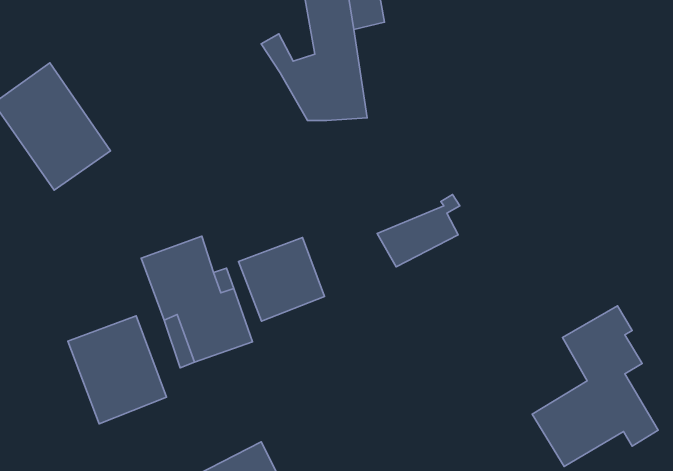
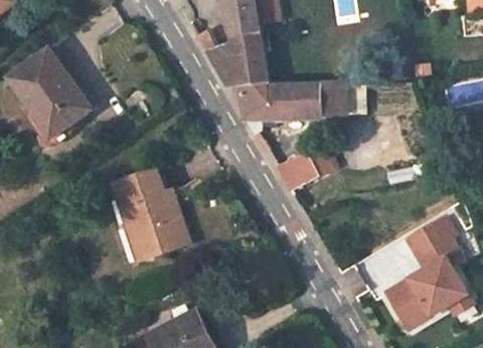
building: none -> [240,80,346,120]
building: [239,238,324,321] -> none
building: [68,316,166,424] -> none

